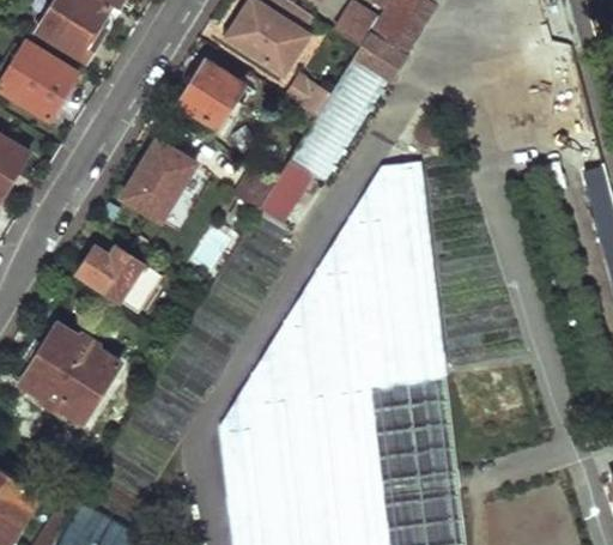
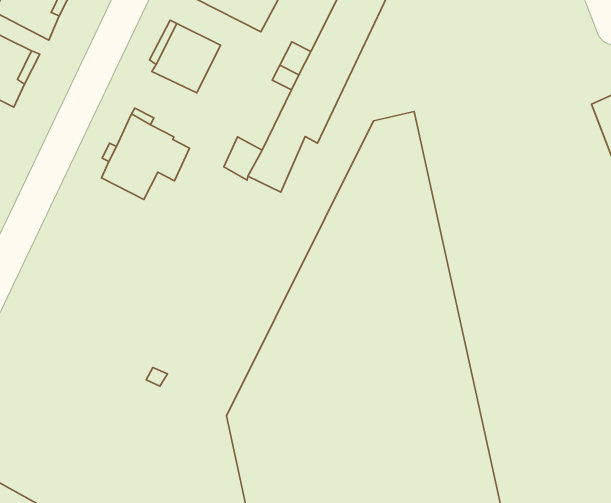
building: [79,244,159,309] -> none
building: [24,323,141,420] -> none

